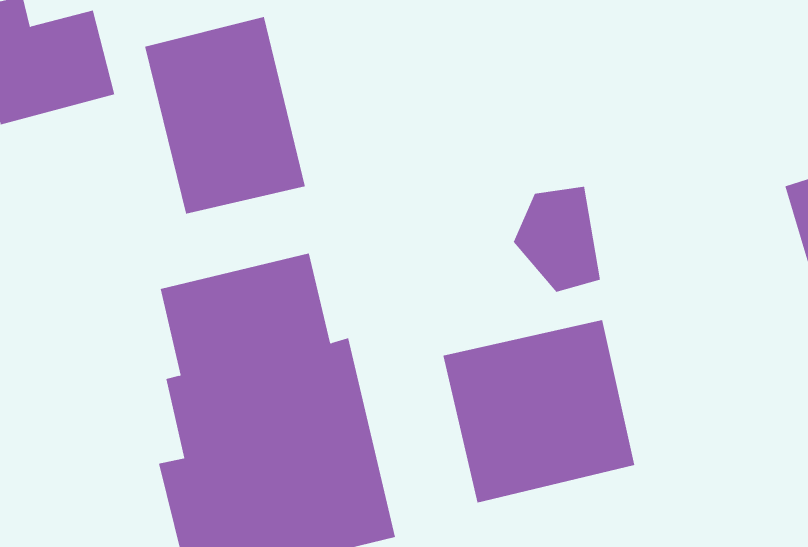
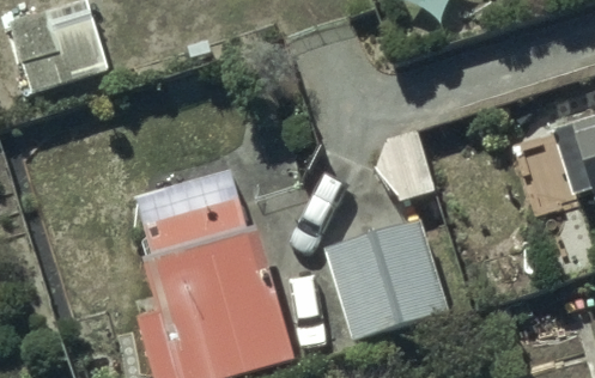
building: [144,16,305,214] -> none

